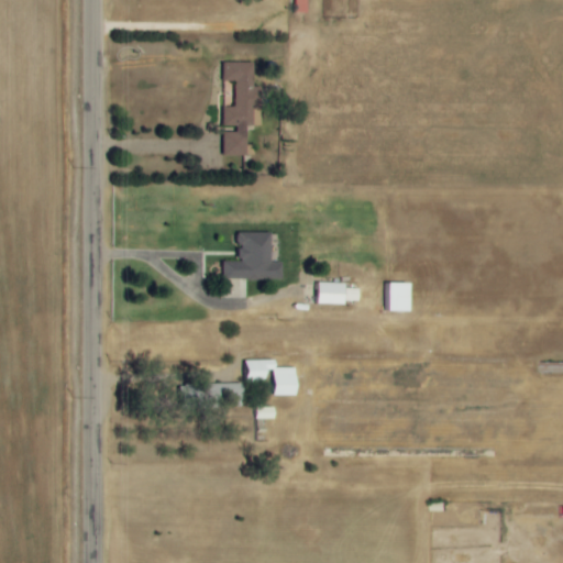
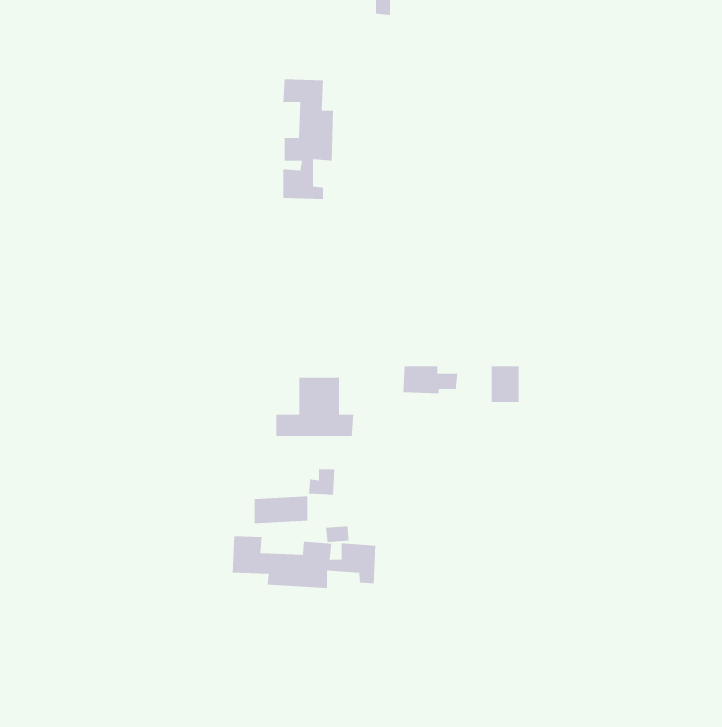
building: [222,232,283,278] -> [276,377,354,437]
building: [273,366,296,395] -> none
building: none -> [232,536,376,589]

